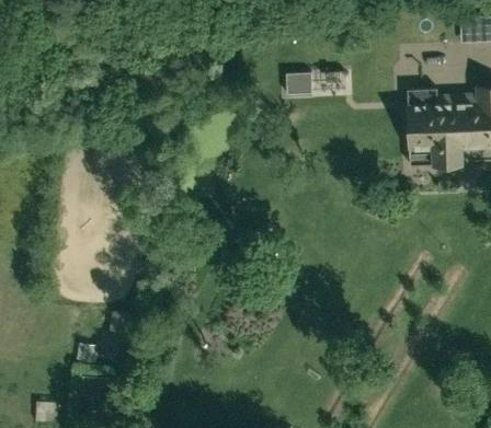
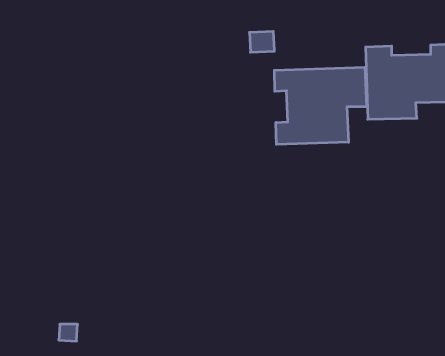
building: none -> [274,67,367,144]

